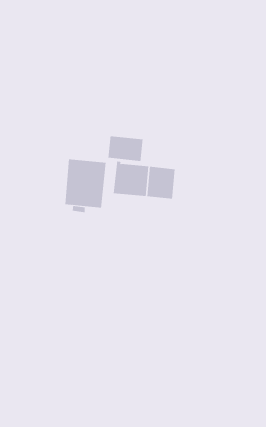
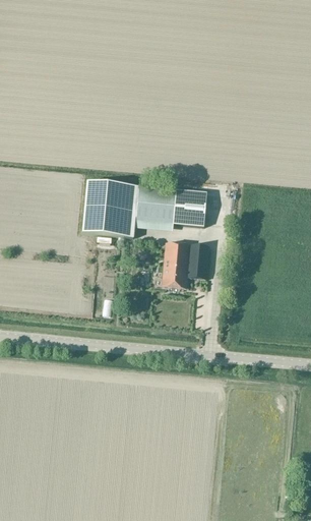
building: [108,135,143,162] -> none
building: none -> [163,242,209,286]

